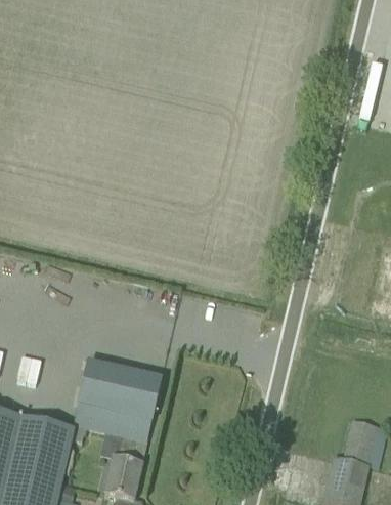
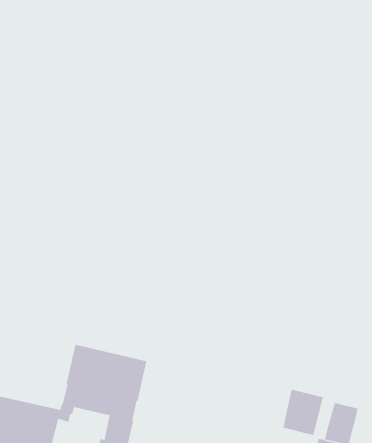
building: none -> [283,389,323,436]

